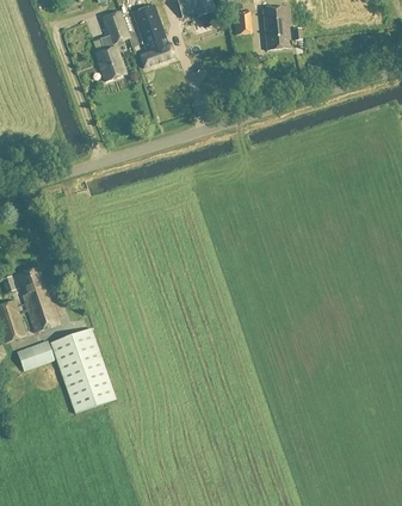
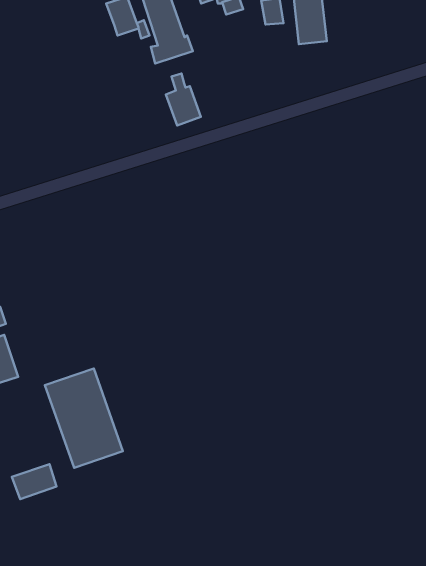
building: [95,35,125,79] -> [166,74,201,125]
building: [17,266,58,331] -> none
building: [16,340,54,370] -> [12,464,57,499]

